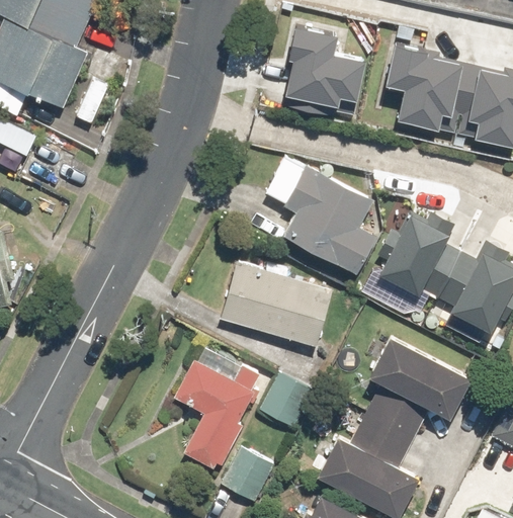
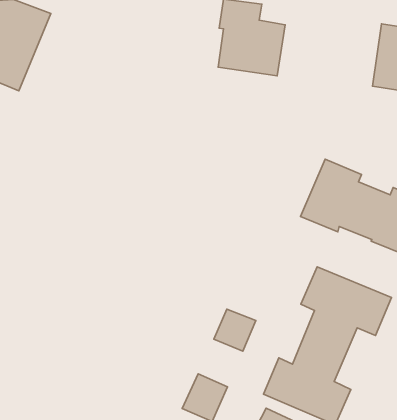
building: [386,38,465,131] -> none
building: [270,158,372,274] -> none
building: [222,263,331,348] -> none
building: [178,364,255,470] -> none

